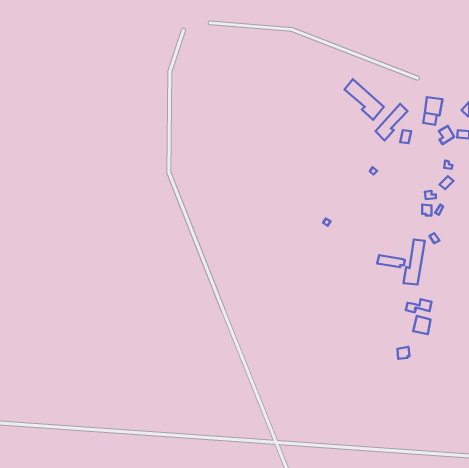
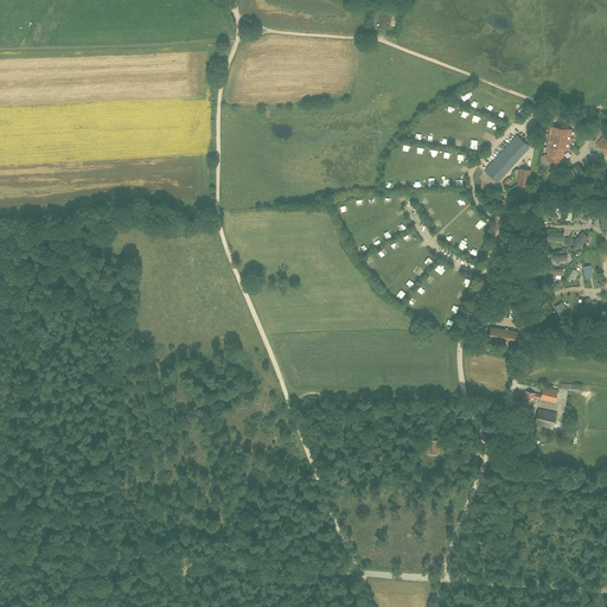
building: [344,79,384,120] -> none
building: [404,240,425,285] -> none

